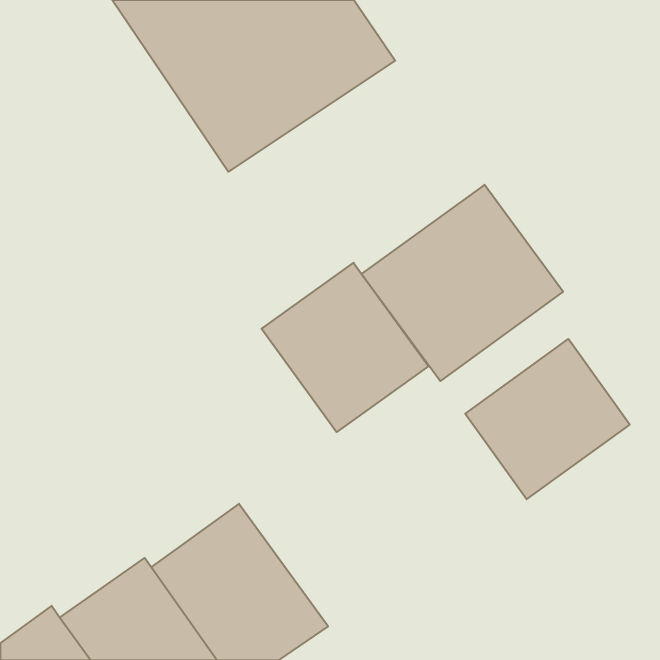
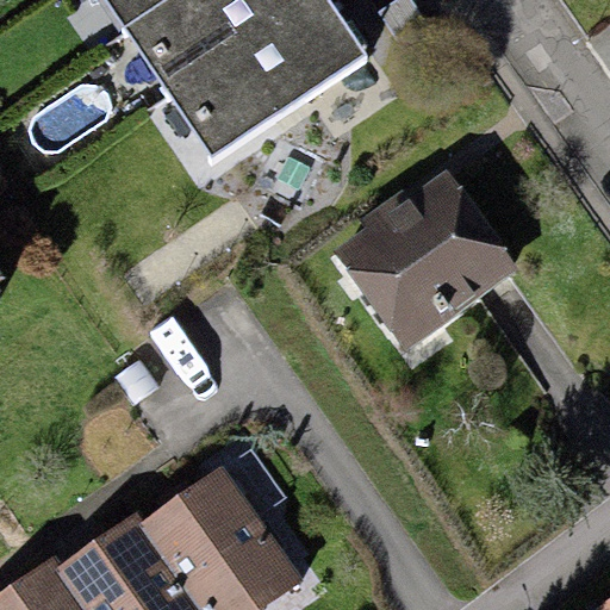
building: [262,263,429,432] -> none
building: [465,339,630,499] -> none

